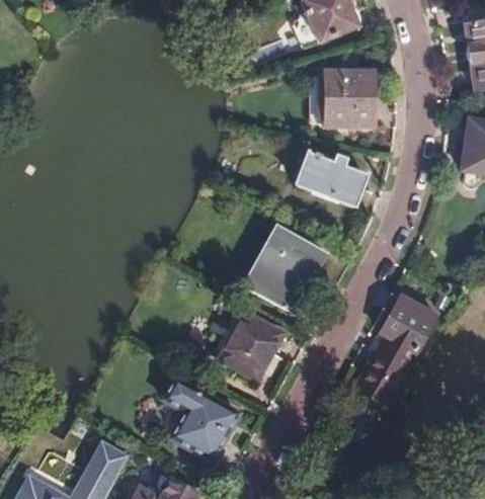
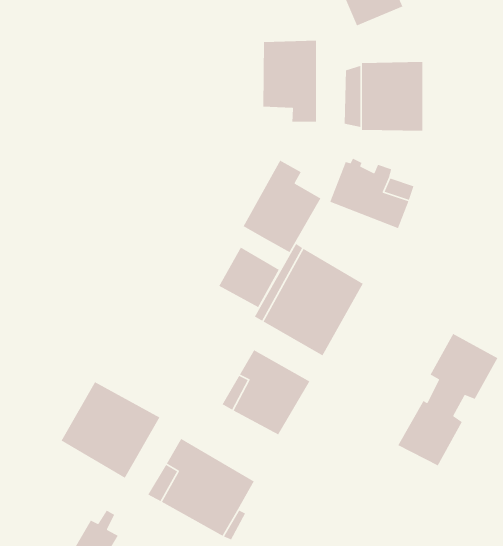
building: none -> [262,40,317,123]
building: none -> [242,159,322,253]
building: none -> [218,247,280,308]
building: none -> [61,381,160,479]

